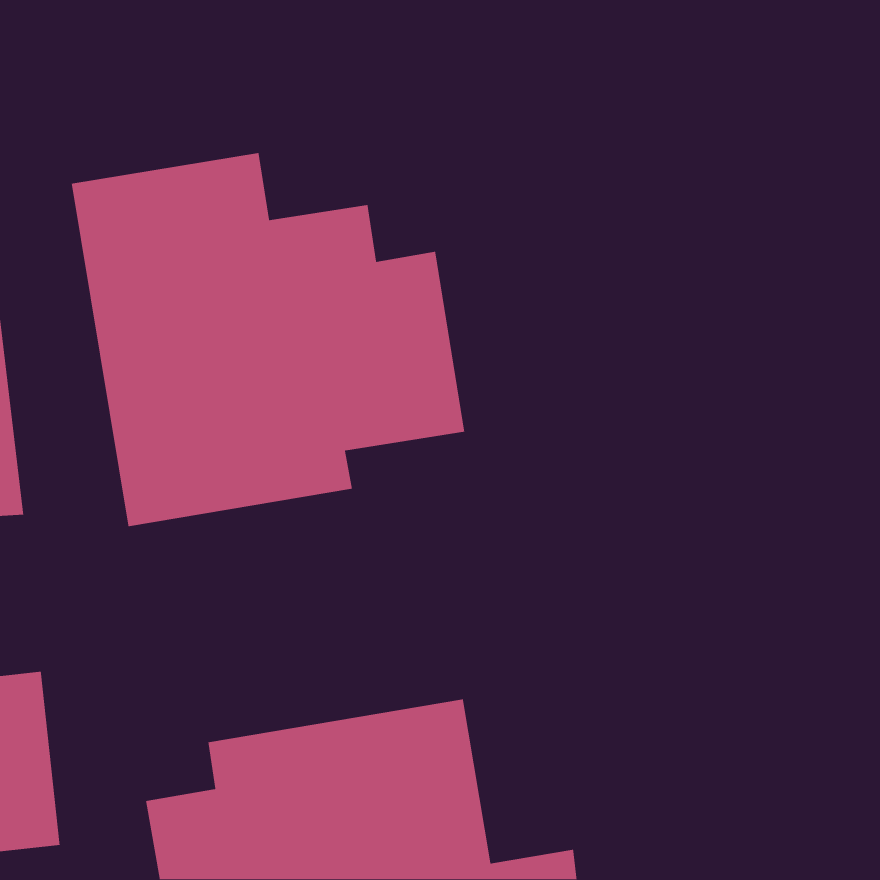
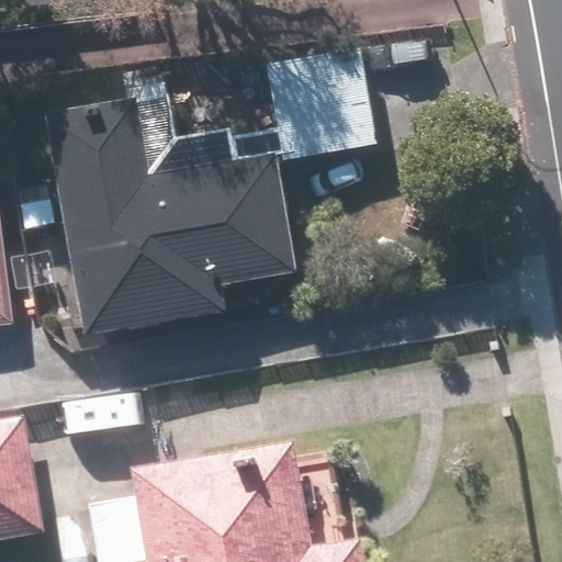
building: none -> [267,53,371,162]

